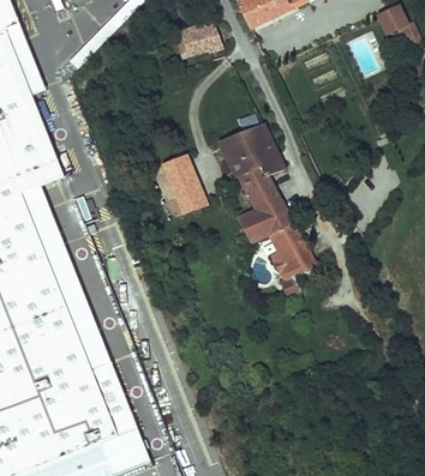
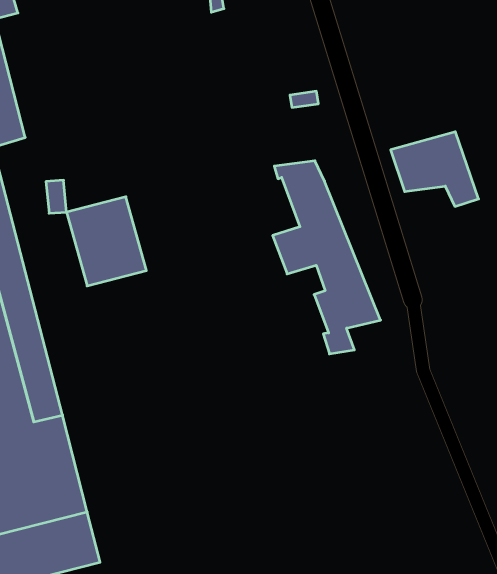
building: [221,125,286,176] -> [391,132,479,206]
building: [149,156,209,221] -> [67,197,146,286]

